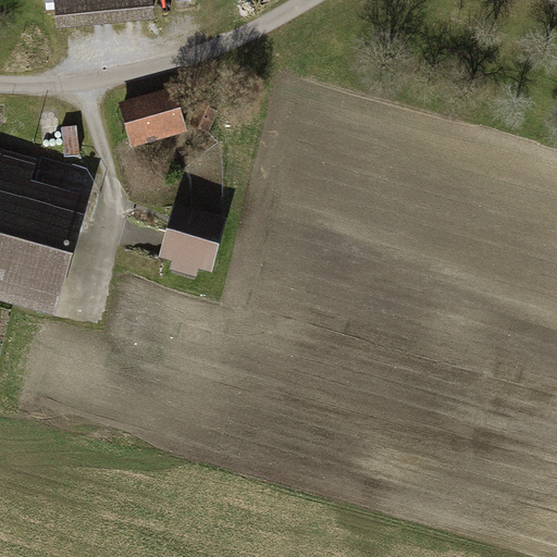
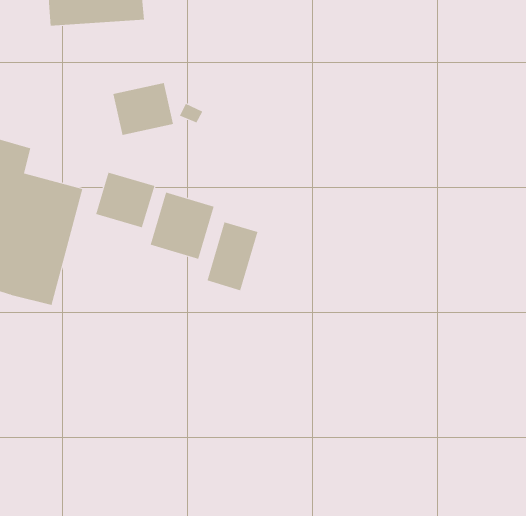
building: none -> [95,172,155,228]
building: none -> [207,221,258,291]

